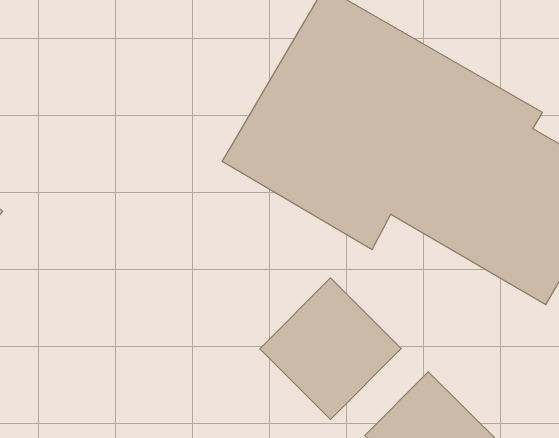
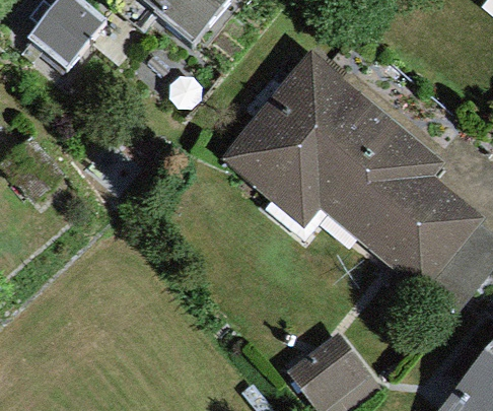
building: [260,278,401,419] -> none

